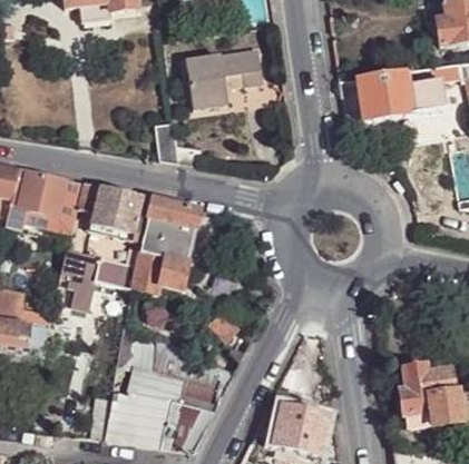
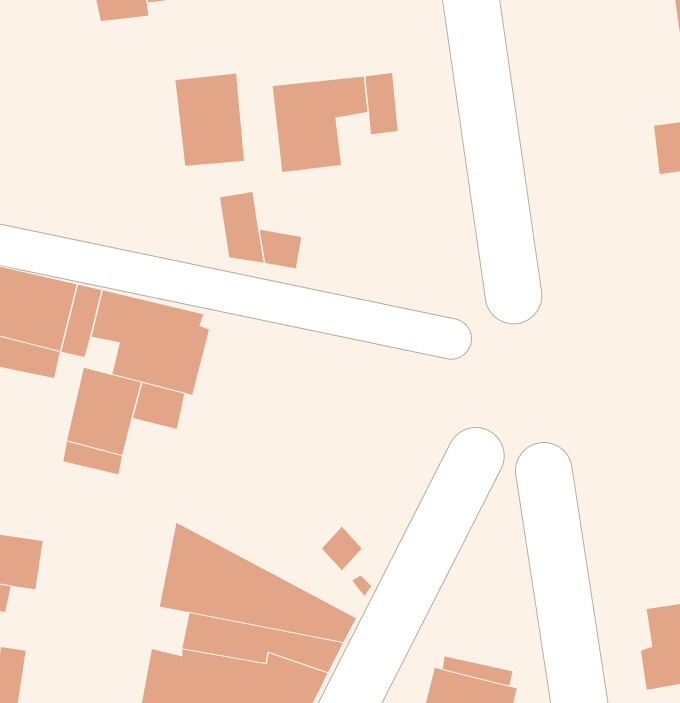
building: none -> [175,73,244,167]
building: [355,69,411,119] -> none
building: [133,197,201,293] -> none

